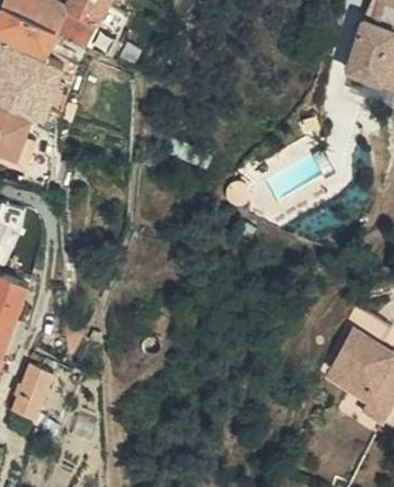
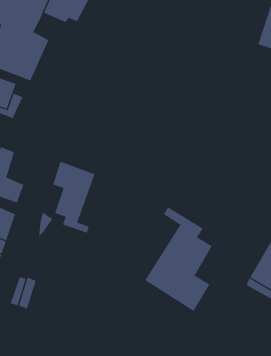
building: none -> [52,161,95,233]
building: none -> [144,206,212,312]

